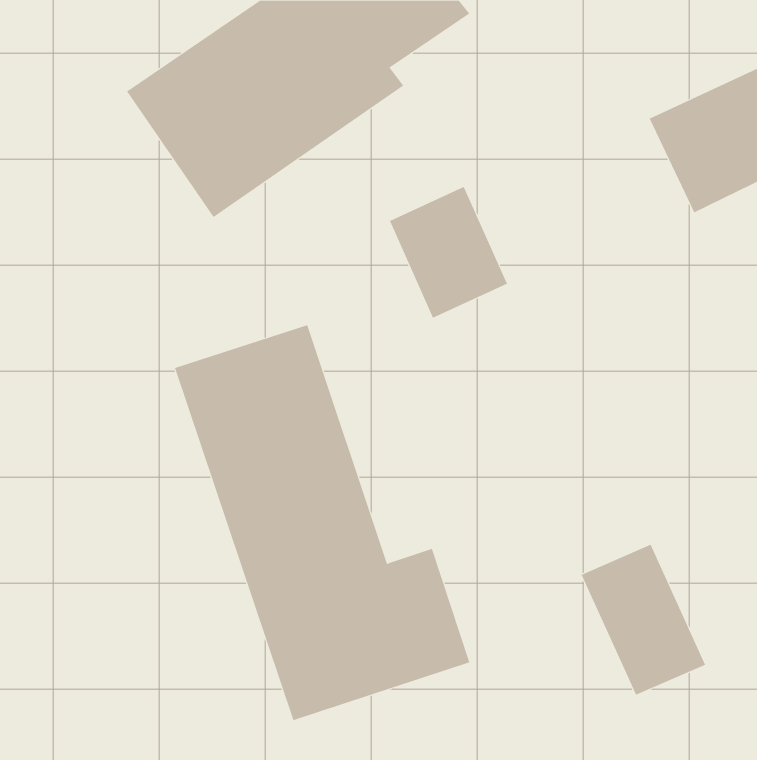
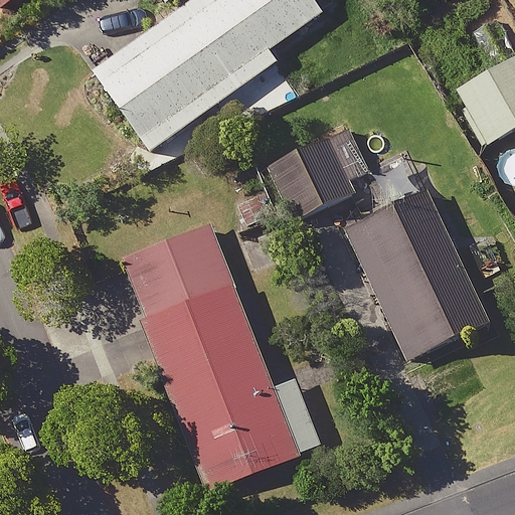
building: none -> [343,183,488,361]
building: [581,544,706,696] -> none

